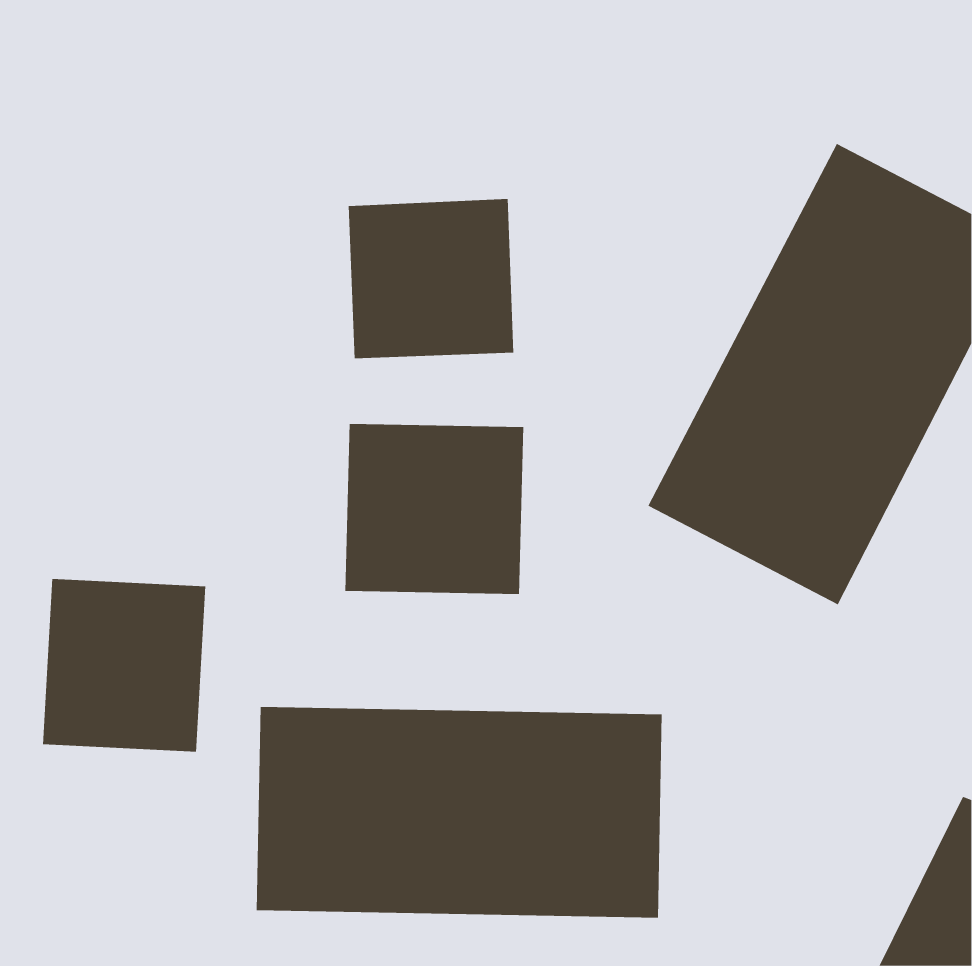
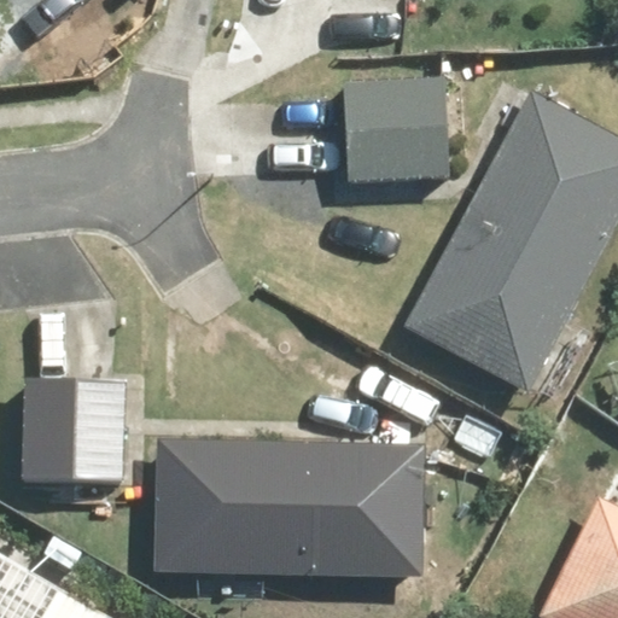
building: [348,198,514,359] -> [342,74,447,175]
building: [345,423,524,595] -> none

